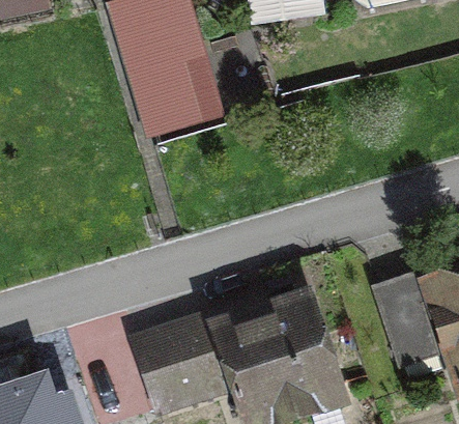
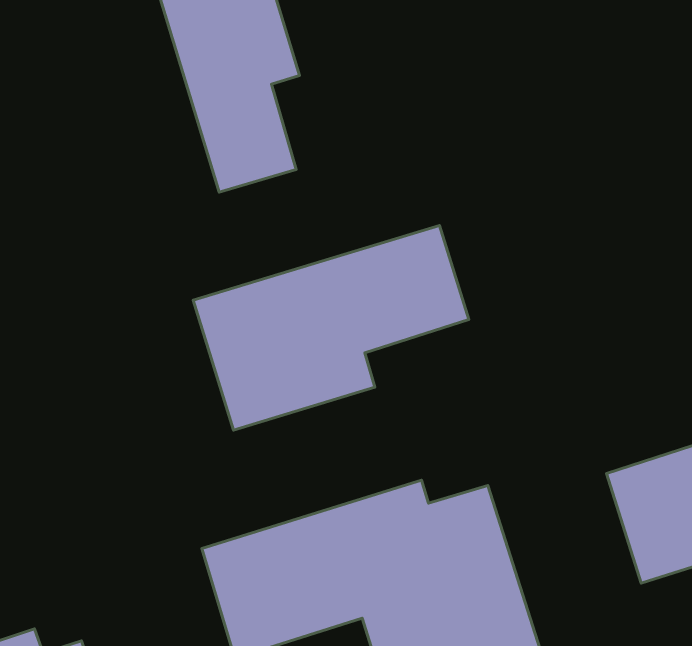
building: none -> [193,226,469,430]

